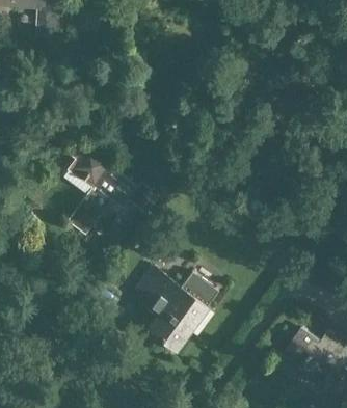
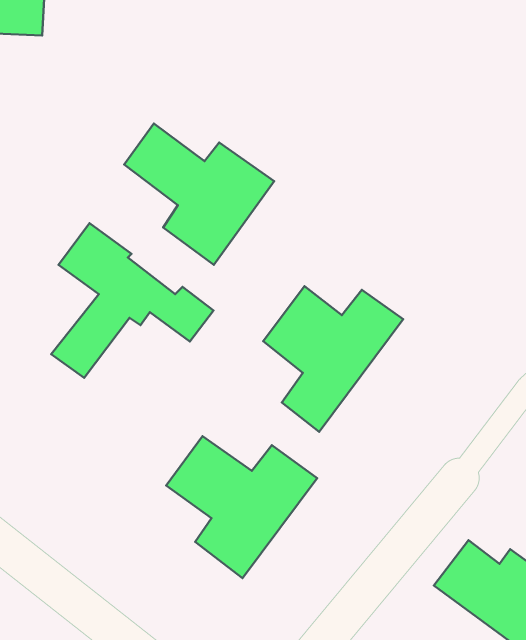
building: none -> [124,124,274,265]
building: none -> [263,286,403,432]

